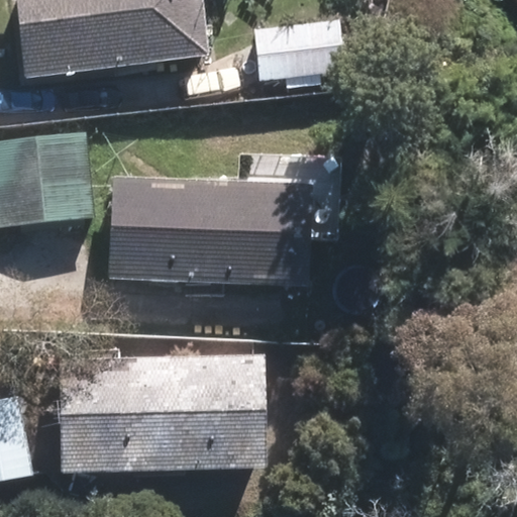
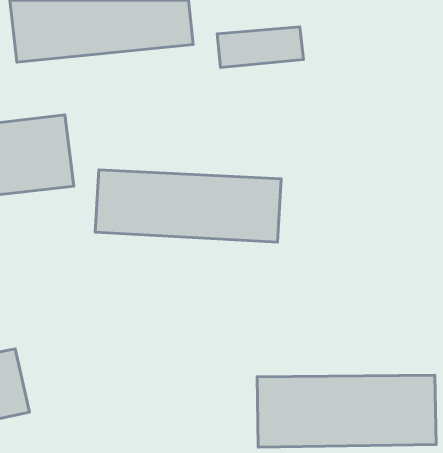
building: [62,364,272,463] -> none
building: none -> [257,375,436,447]

